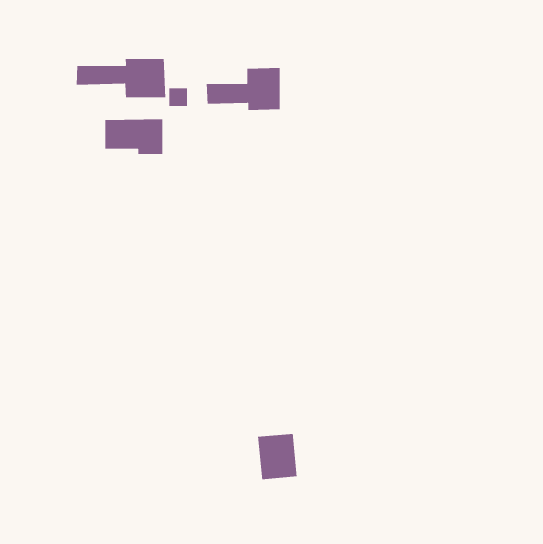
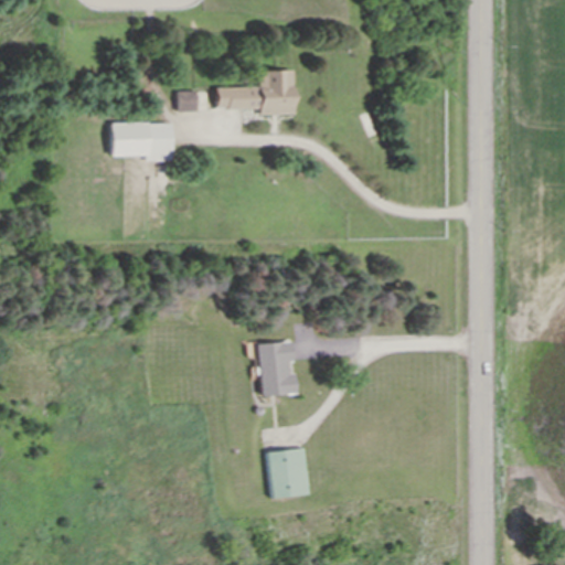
building: [76,58,166,98] -> none
building: none -> [258,341,296,395]

